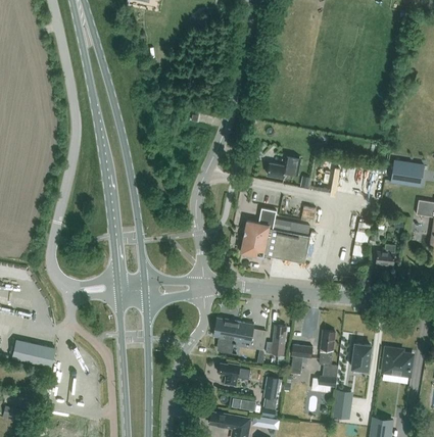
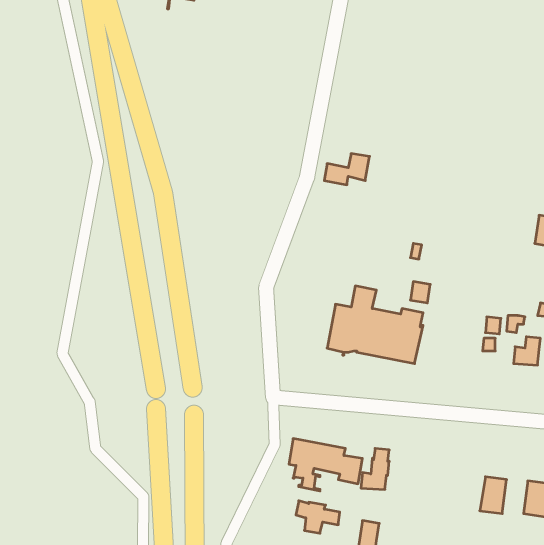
building: [268,156,300,179] -> [324,154,370,185]
building: [319,331,337,388] -> none
building: [13,340,55,368] -> none
building: [290,345,312,375] -> none

